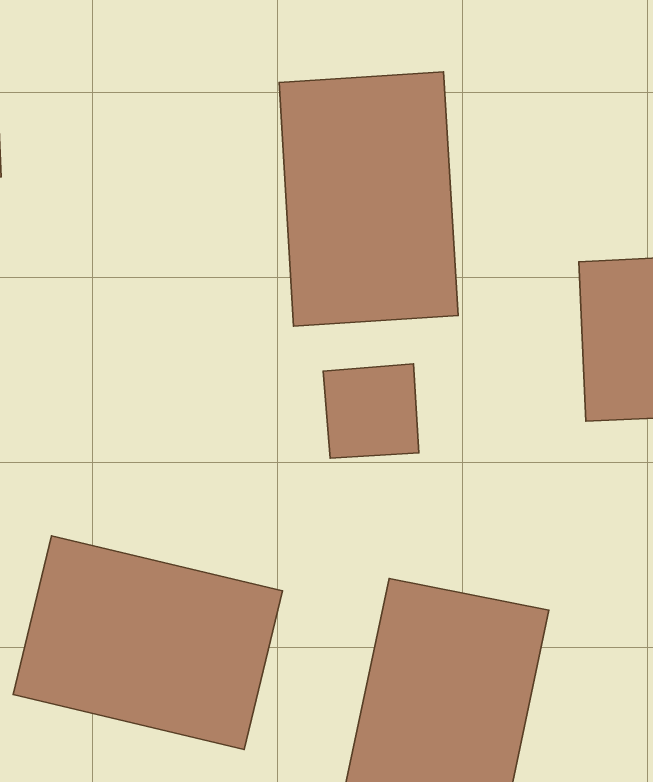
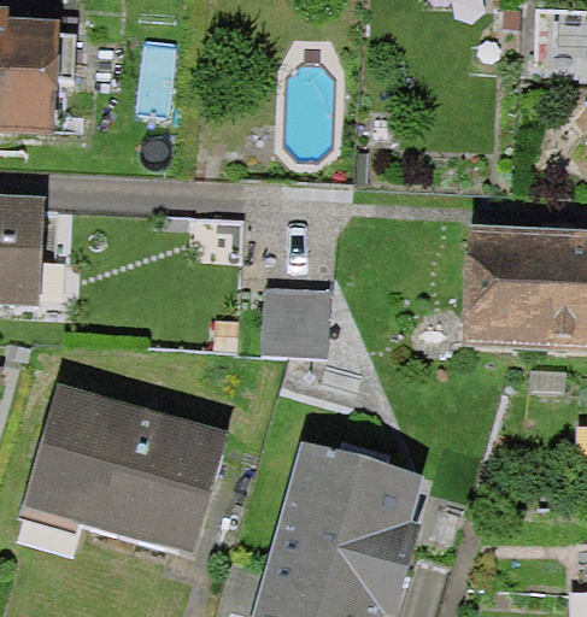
building: [279,72,458,326] -> none

